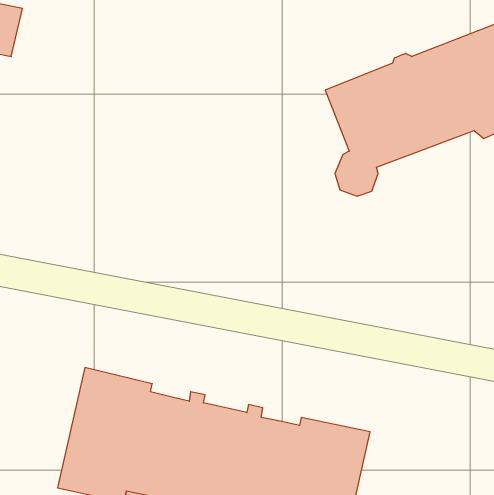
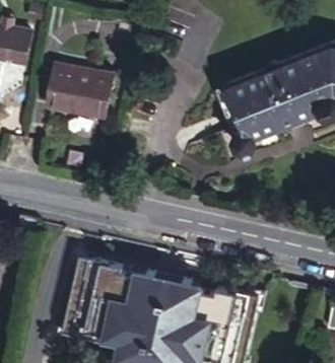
building: none -> [47,64,114,120]

